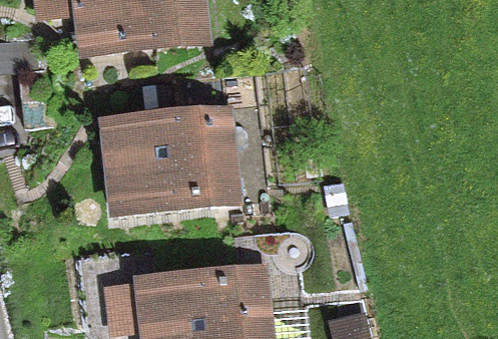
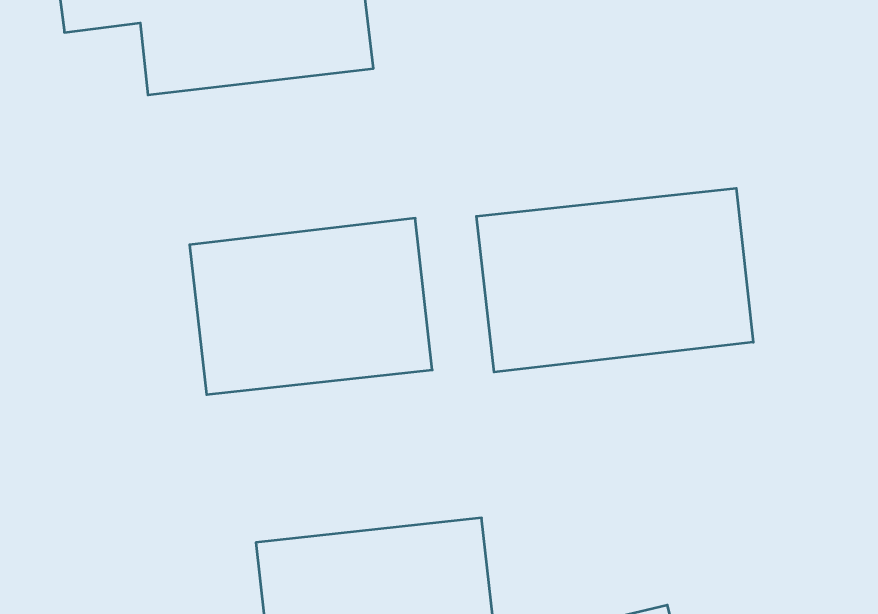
building: none -> [476,188,753,372]

